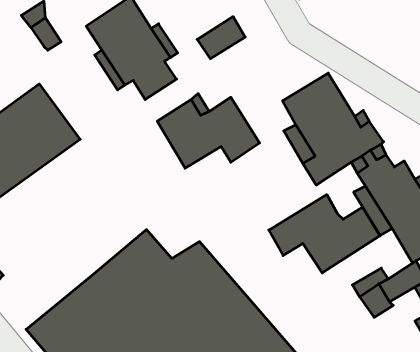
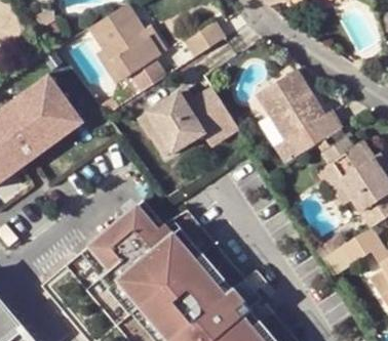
building: [269,195,380,273] -> none

